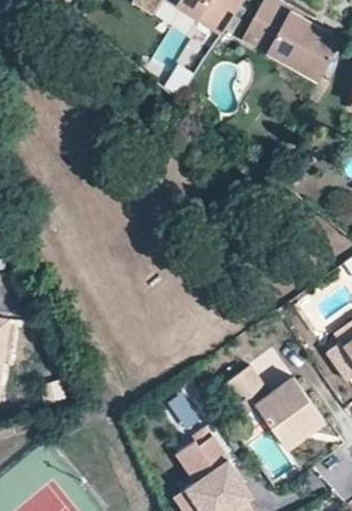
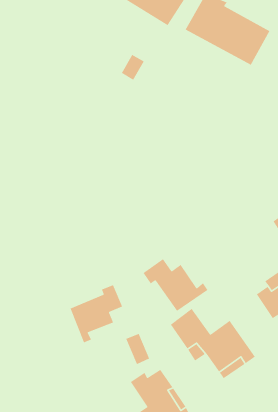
building: none -> [142,258,209,312]
building: none -> [69,284,123,343]

